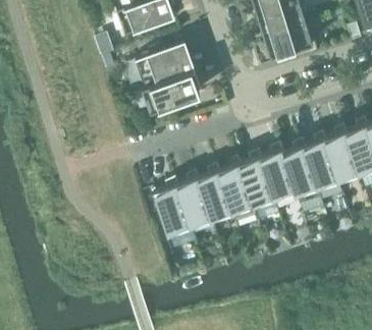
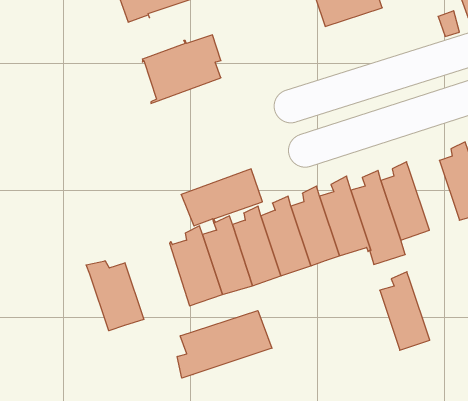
building: [267,24,321,65] -> none
building: [143,74,201,115] -> [181,169,262,226]
building: [327,127,363,183] -> [380,272,430,350]
building: none -> [86,261,144,331]
building: none -> [177,311,272,378]

